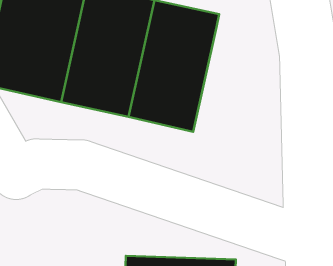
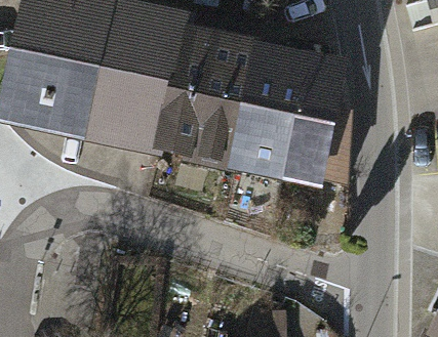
building: none -> [242,53,336,184]

